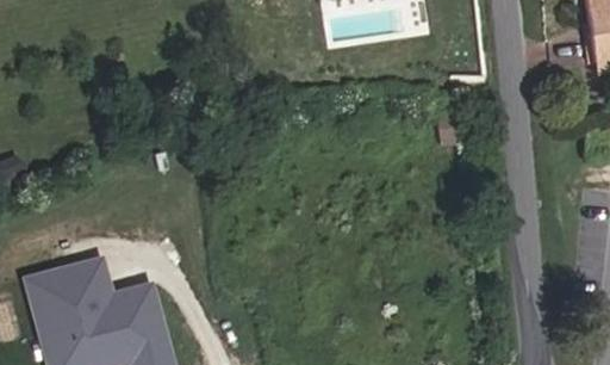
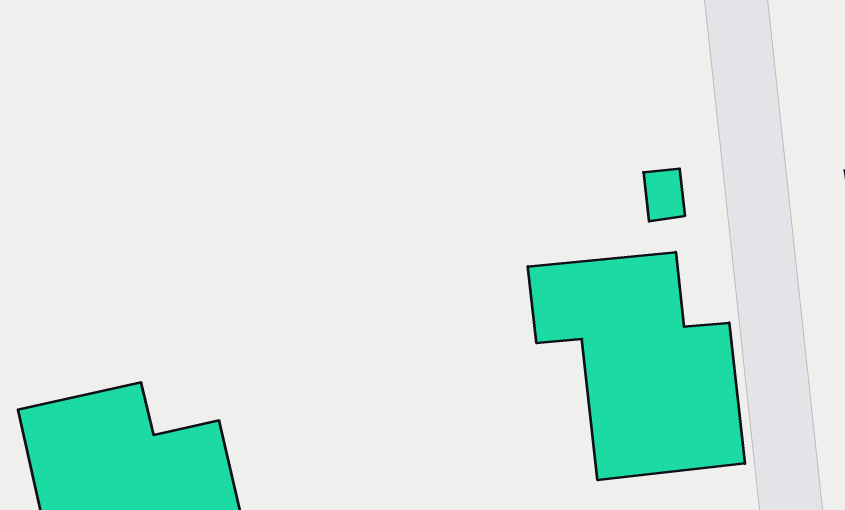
building: none -> [528,252,745,480]

